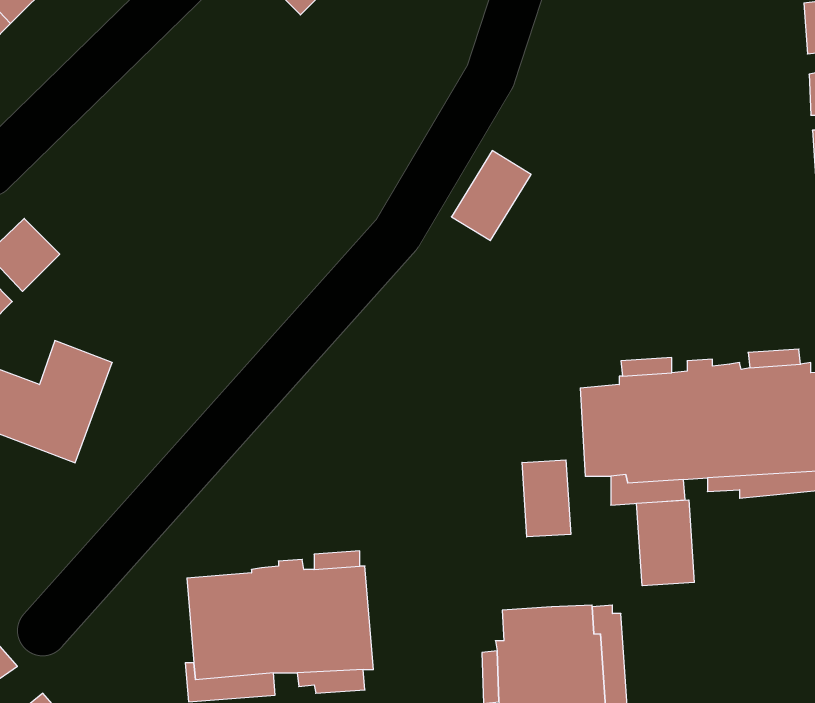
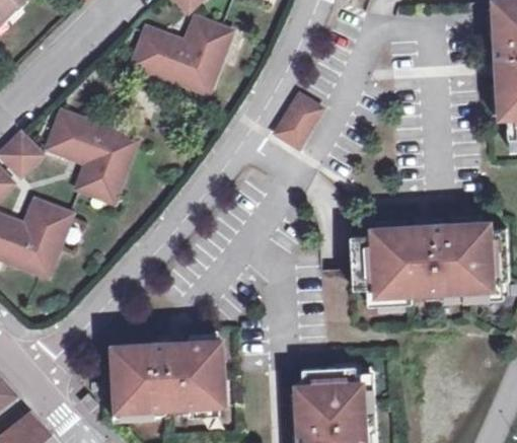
building: none -> [131,18,226,91]
building: none -> [49,118,135,204]
building: [522,460,571,537] -> none
building: [637,500,694,586] -> none

